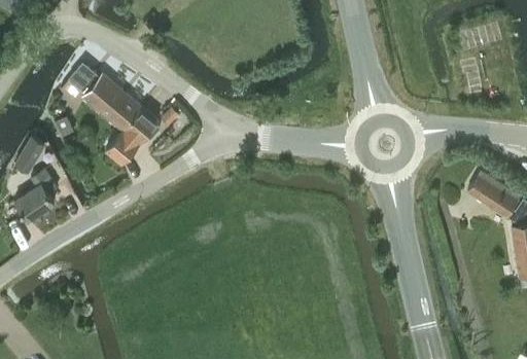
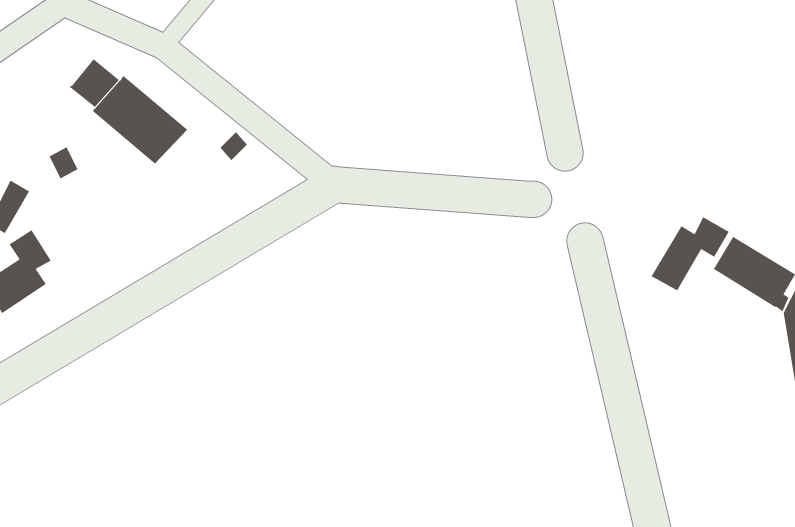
building: [106,107,160,164] -> none
building: none -> [650,216,730,292]

